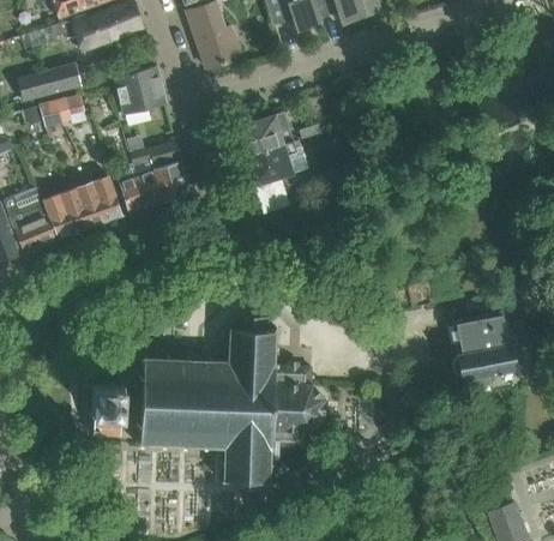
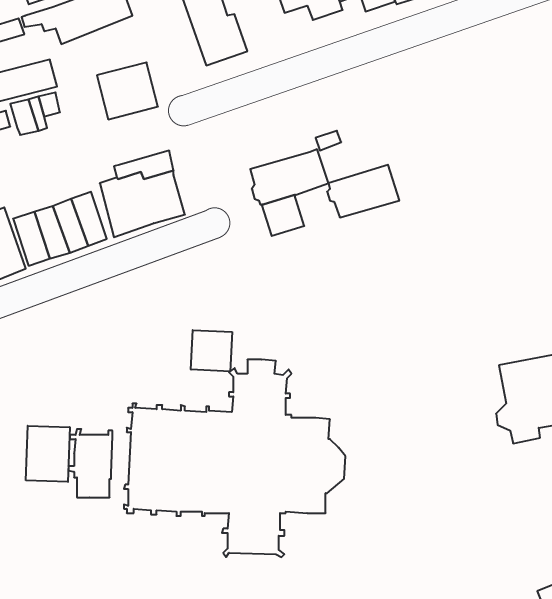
building: [233,112,294,156] -> [327,165,399,217]
building: none -> [191,330,232,371]
building: none -> [26,426,70,482]

